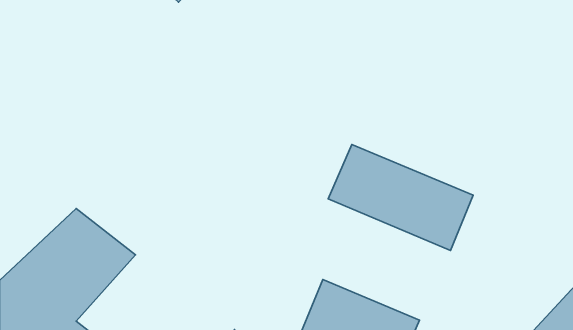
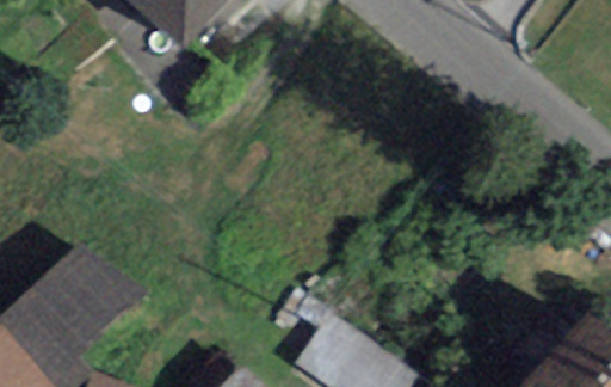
building: [328,144,473,251] -> none

